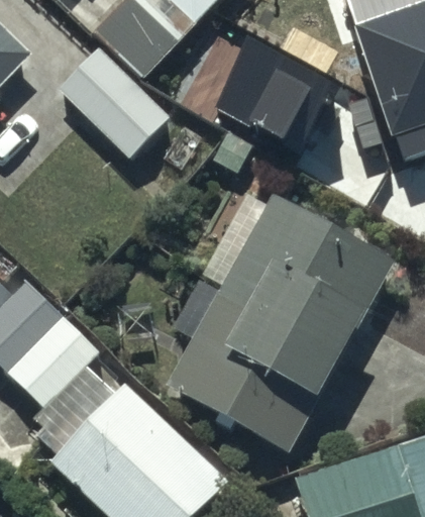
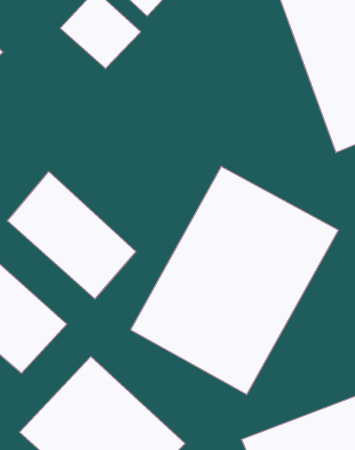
building: [209,23,339,142] -> none
building: [57,48,173,163] -> none
building: none -> [8,172,136,299]

